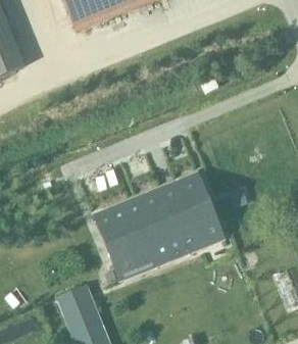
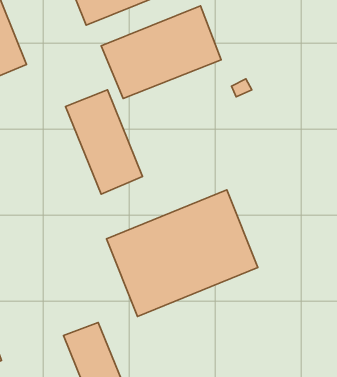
building: none -> [101,6,221,99]
building: none -> [65,90,142,194]

